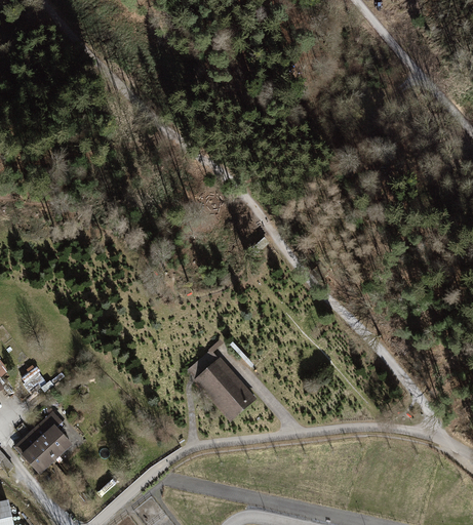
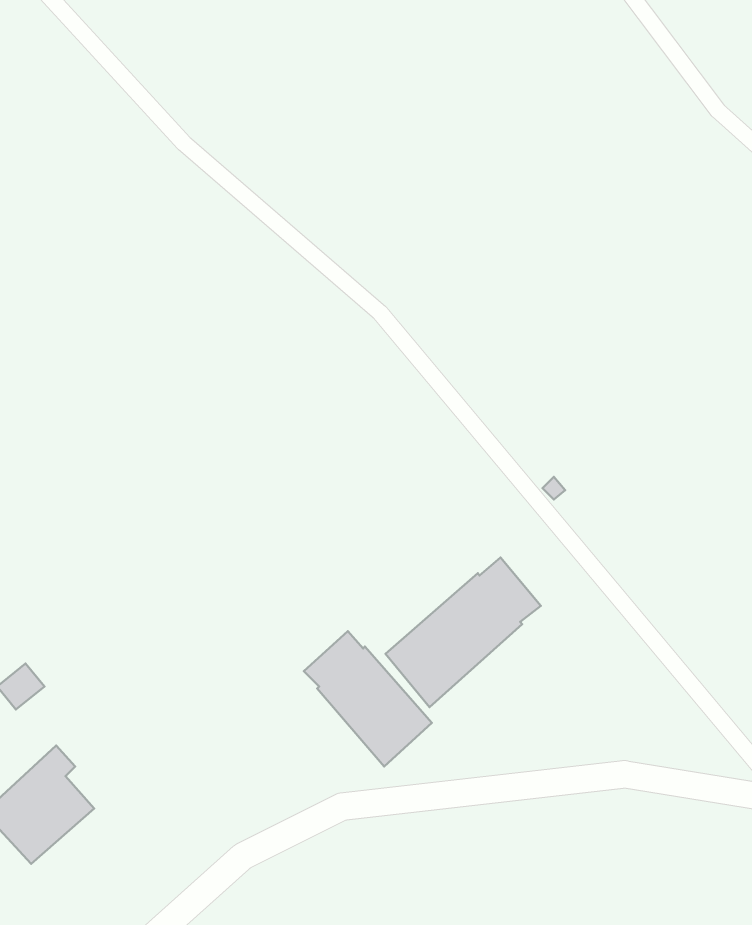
building: none -> [386,557,541,707]

